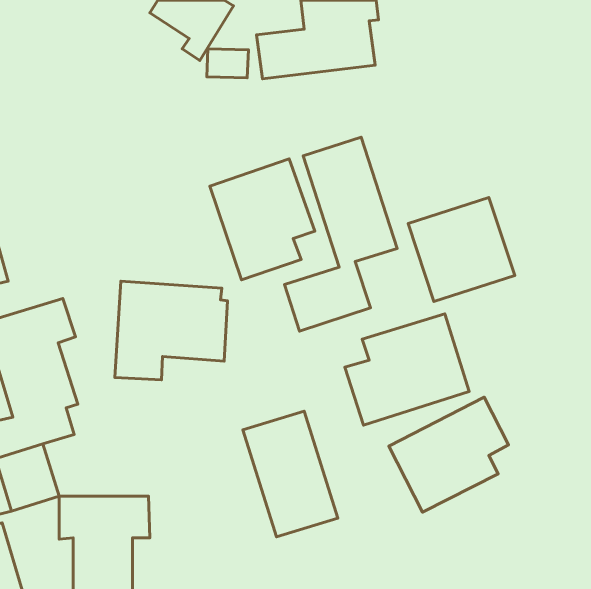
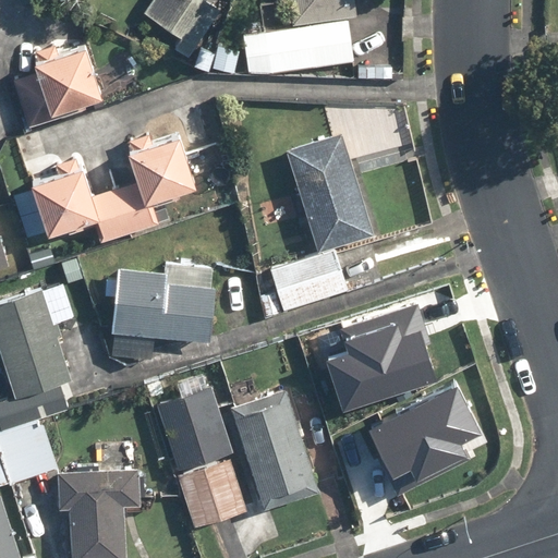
building: none -> [10,47,102,130]
building: none -> [29,135,196,244]
building: [210,159,315,280] -> none
building: [408,197,515,302] -> none
building: none -> [155,389,246,530]

